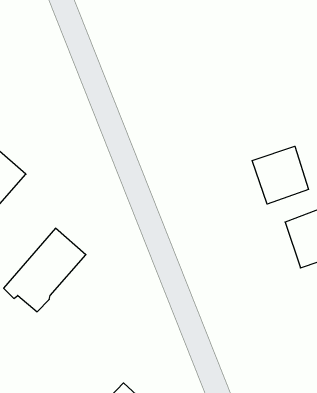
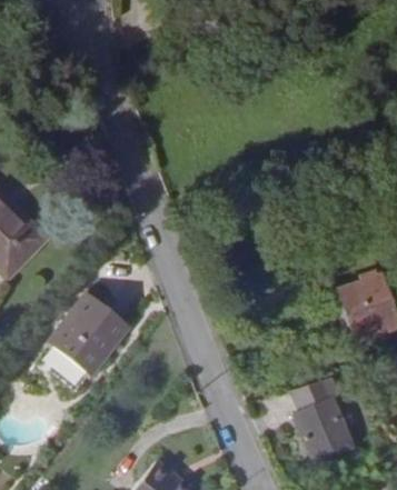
building: [252,146,308,204] -> none
building: none -> [294,381,351,461]

